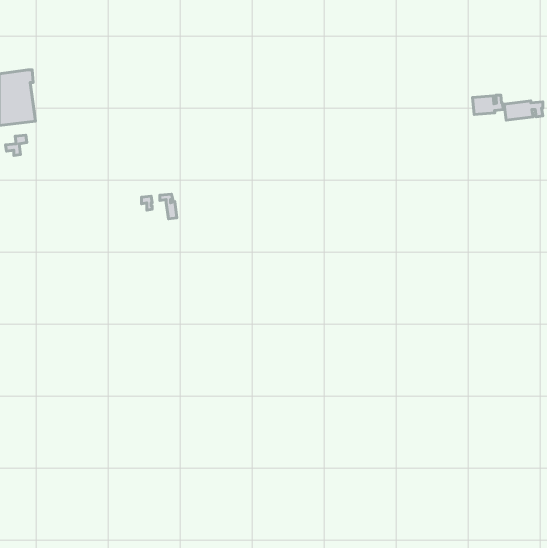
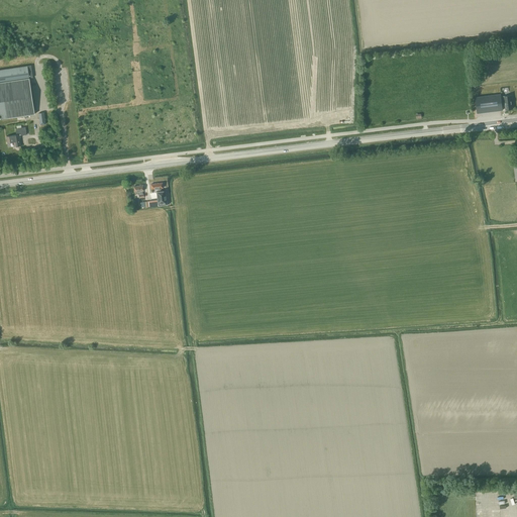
building: [473,95,503,115] -> none

